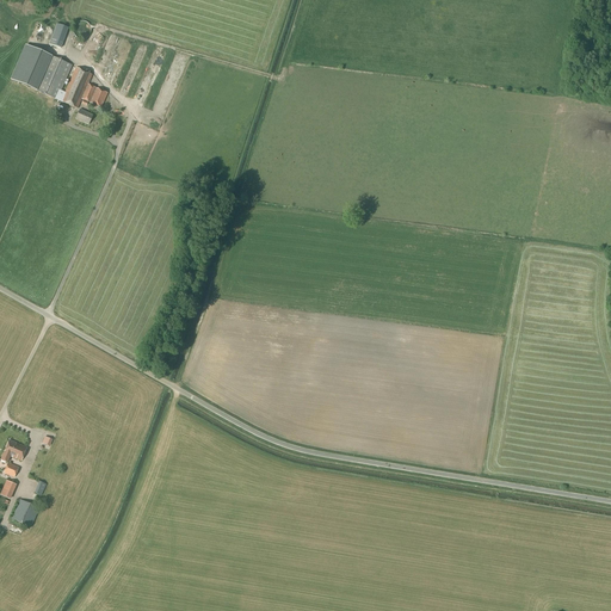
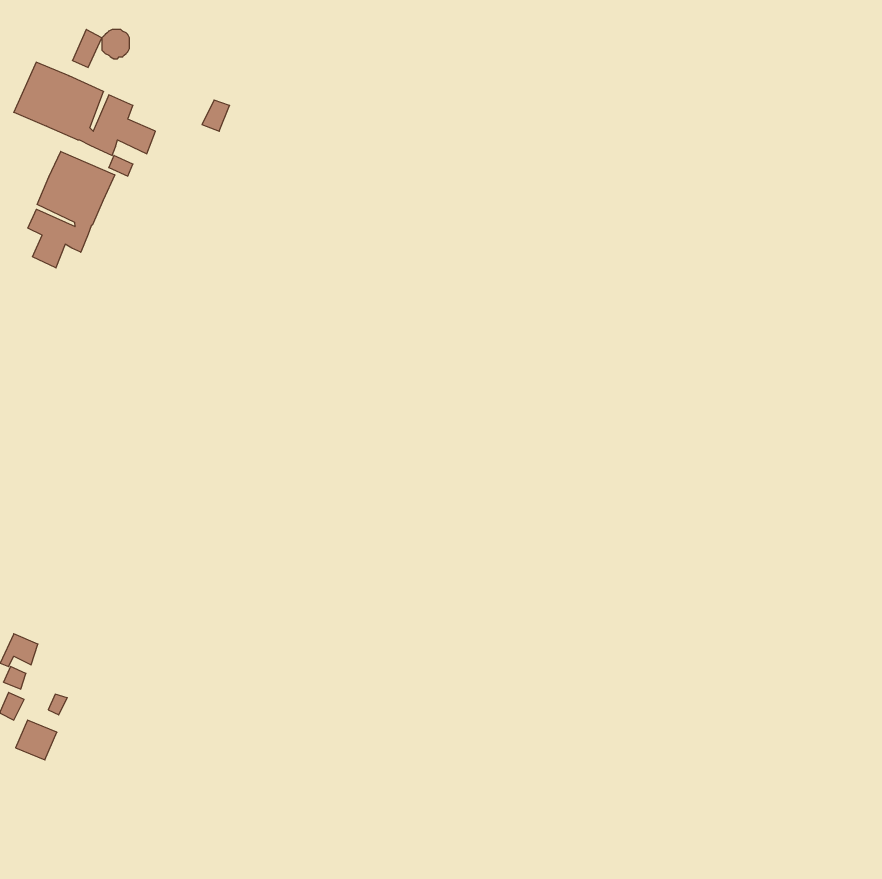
building: none -> [28,151,115,268]

